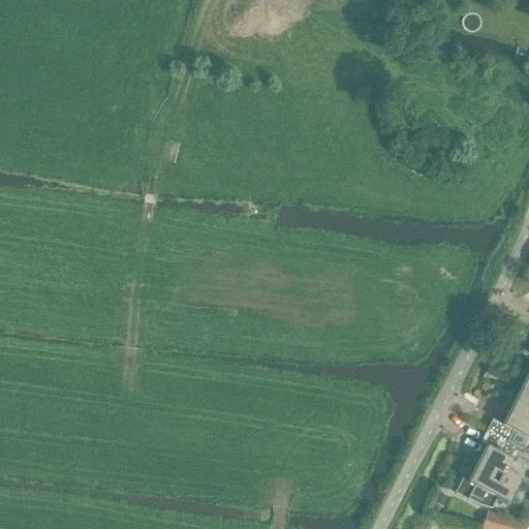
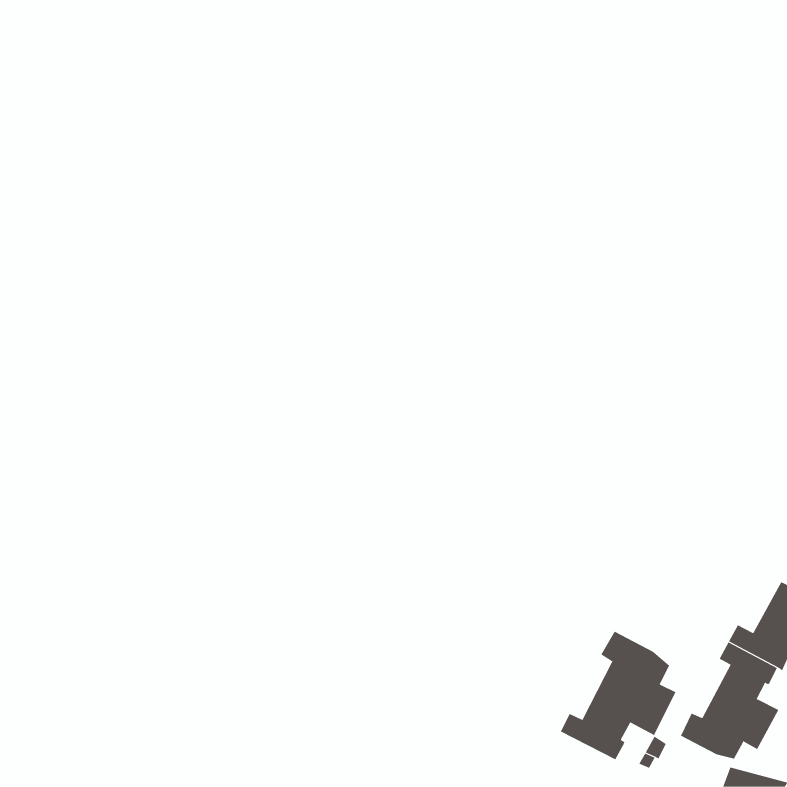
building: none -> [560,631,676,760]

